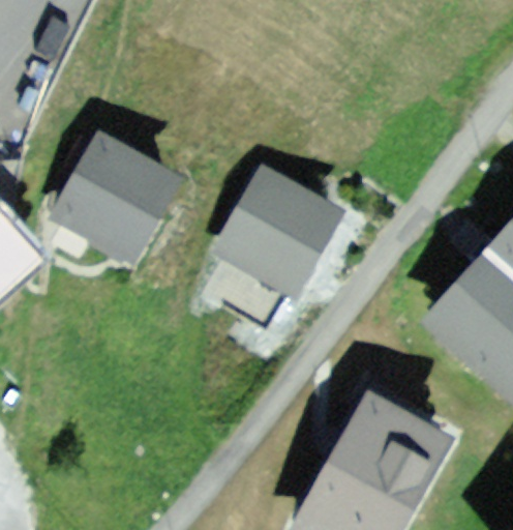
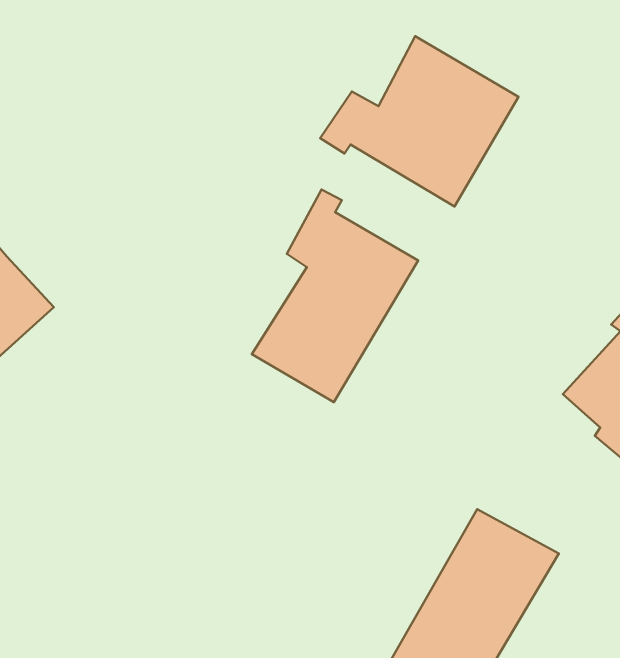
building: none -> [320,36,518,207]
building: [50,144,167,252] -> none

